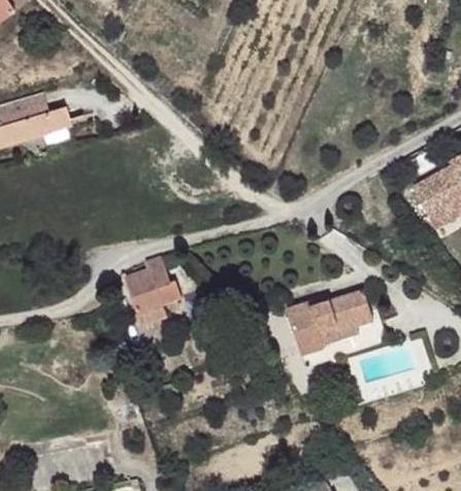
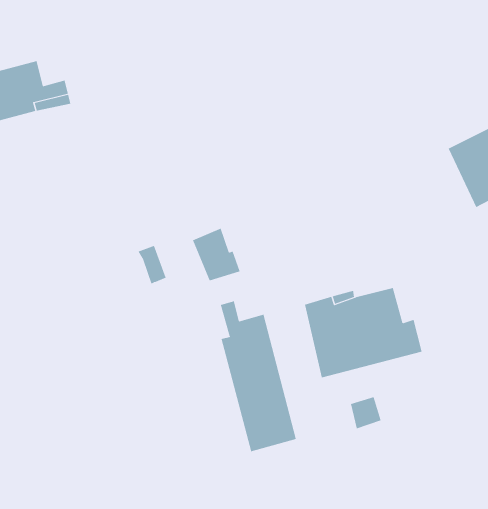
building: [122,265,163,310] -> [192,228,241,281]
building: none -> [220,301,297,452]

